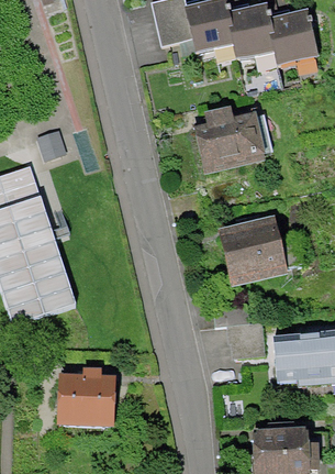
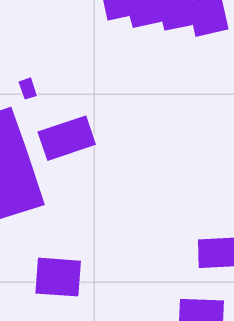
building: [192,106,271,176] -> none
building: none -> [37,115,97,162]
building: [221,219,304,290] -> none

